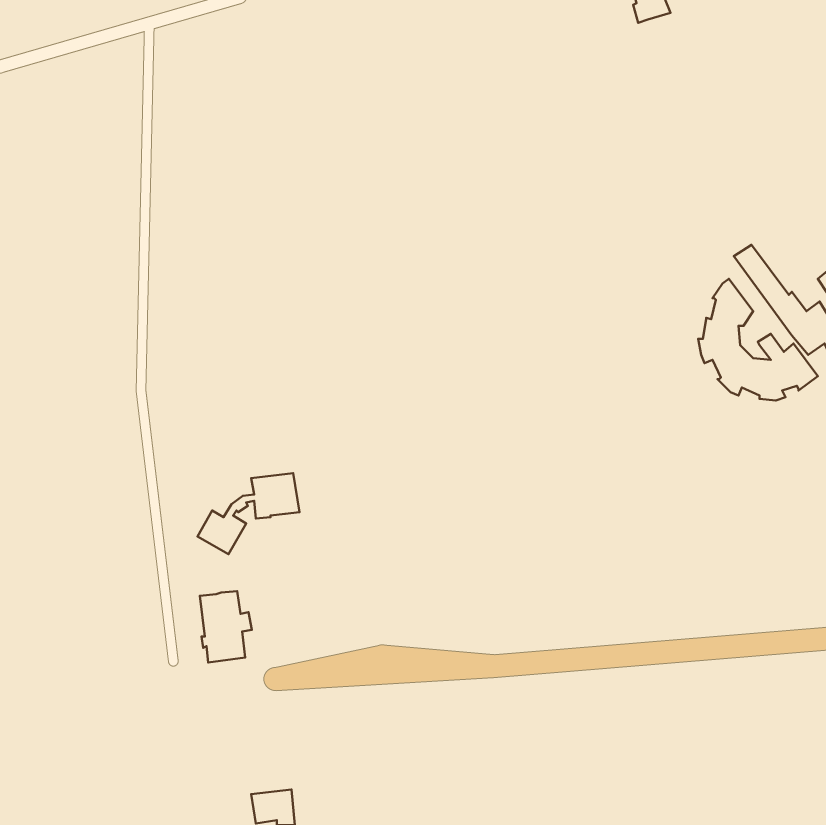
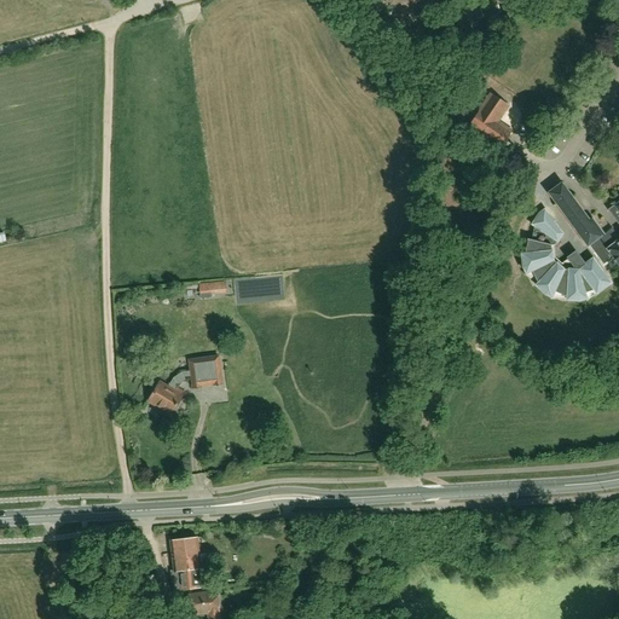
building: none -> [469,93,511,146]
building: [200,591,252,662] -> [170,536,209,589]

